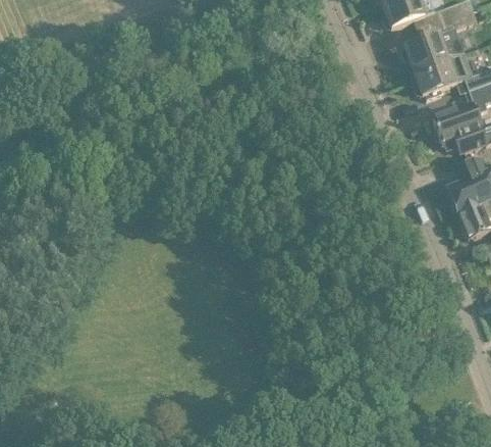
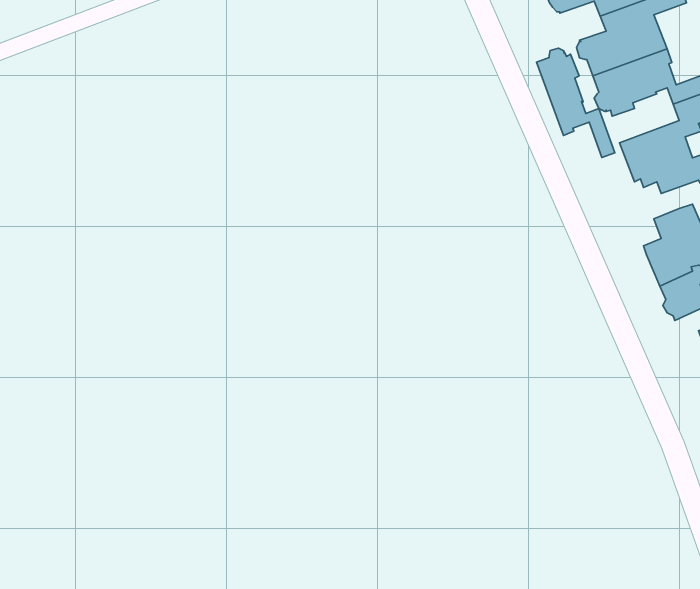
building: none -> [536,48,615,158]

